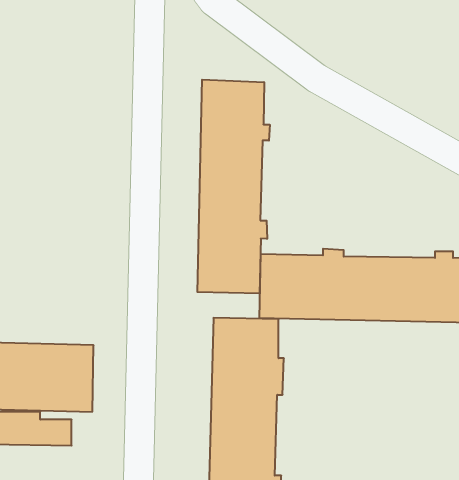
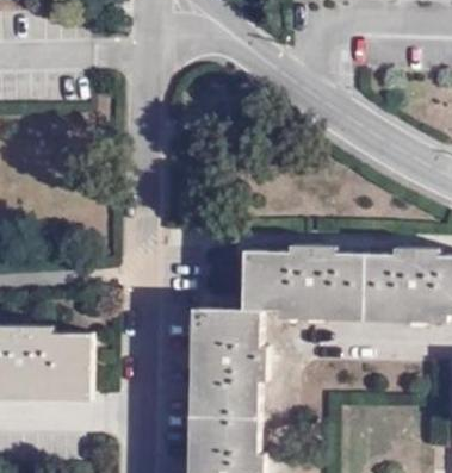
building: [197,80,270,294] -> none

